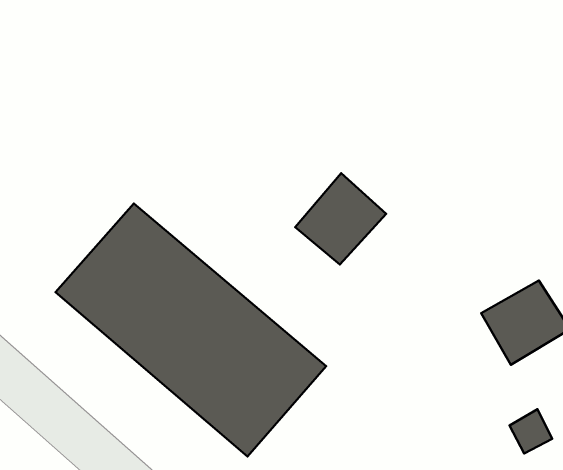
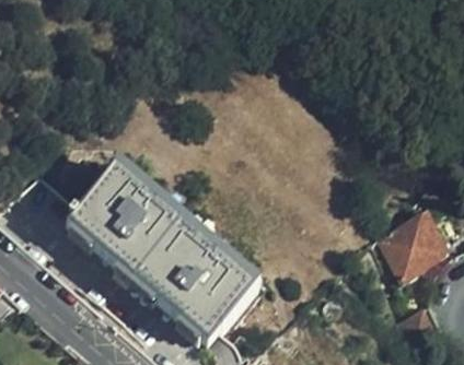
building: [295,173,386,265] -> none

